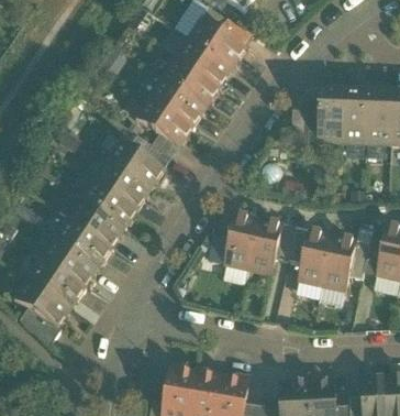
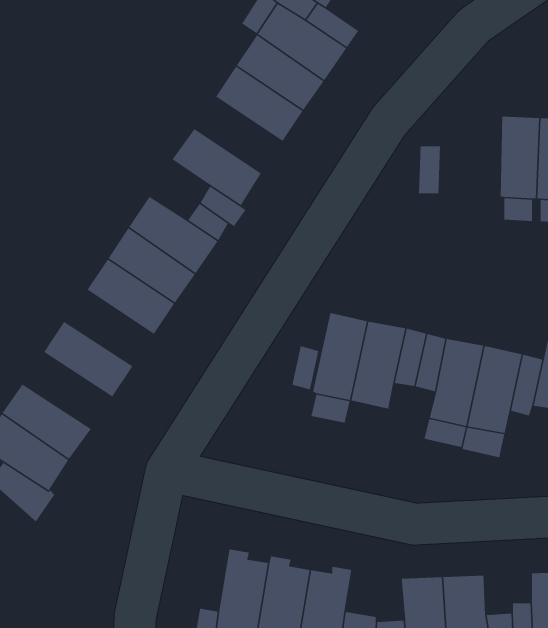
building: [148,77,204,125] -> none
building: [316,88,343,141] -> none
building: [66,199,123,248] -> none
building: [40,239,97,287] -> none

